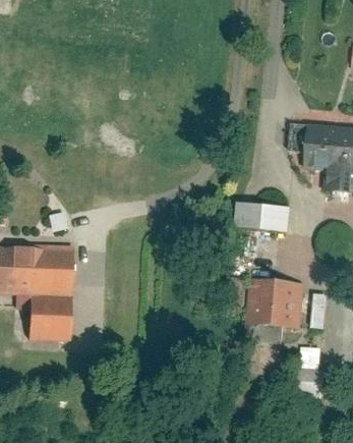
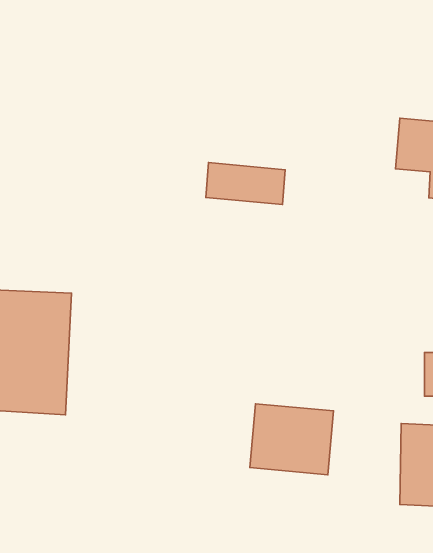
building: [237,201,293,230] -> [206,163,285,205]
building: [248,278,307,328] -> [250,404,334,475]

